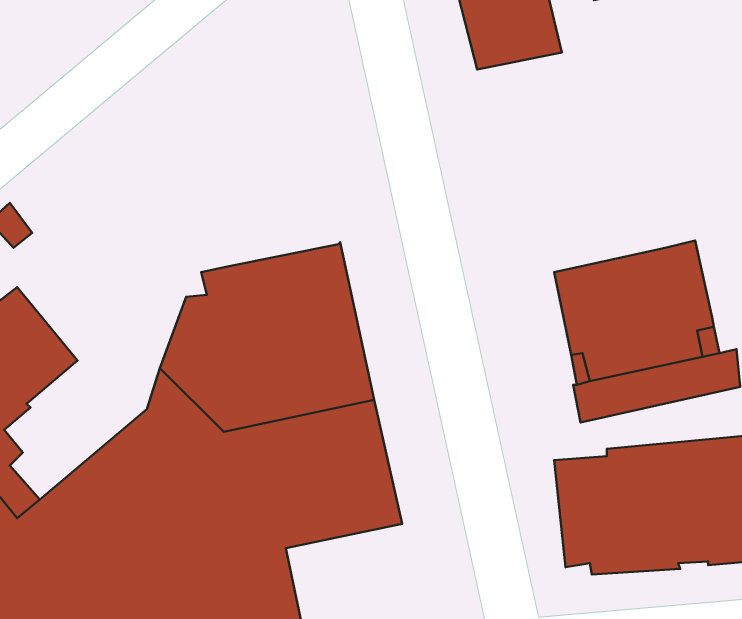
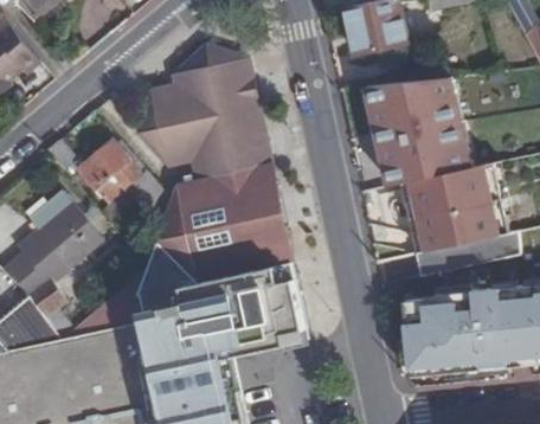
building: none -> [140,44,266,180]
building: none -> [365,77,472,187]
building: none -> [77,142,162,205]

